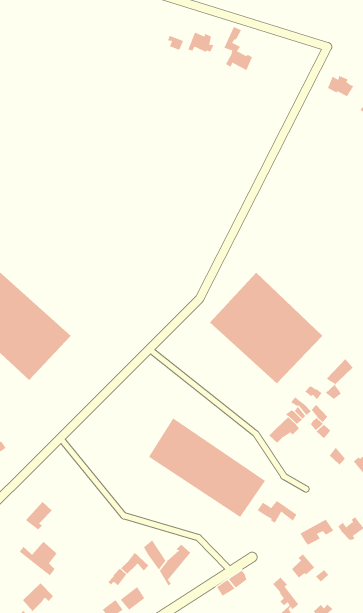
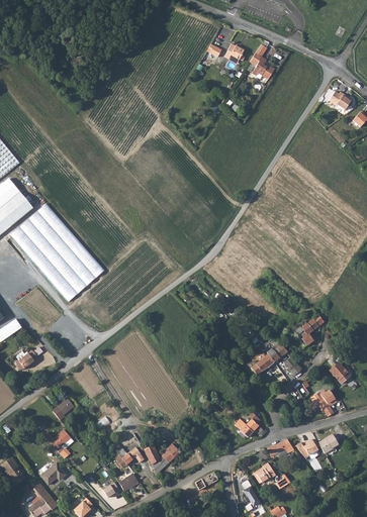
building: [209,272,323,384] -> none
building: [148,418,266,518] -> none

